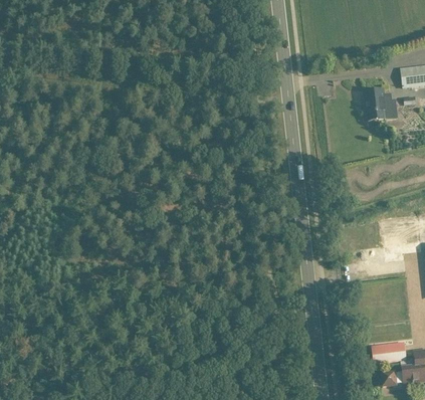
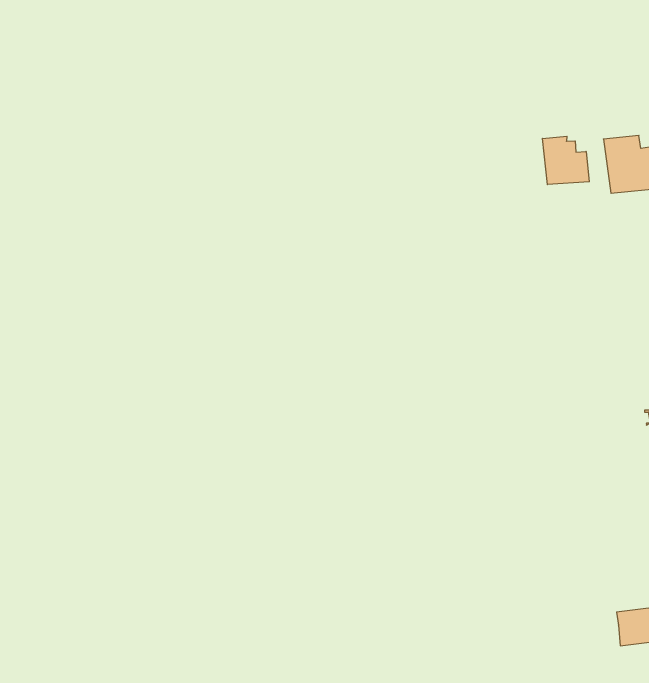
building: none -> [542,136,589,185]

